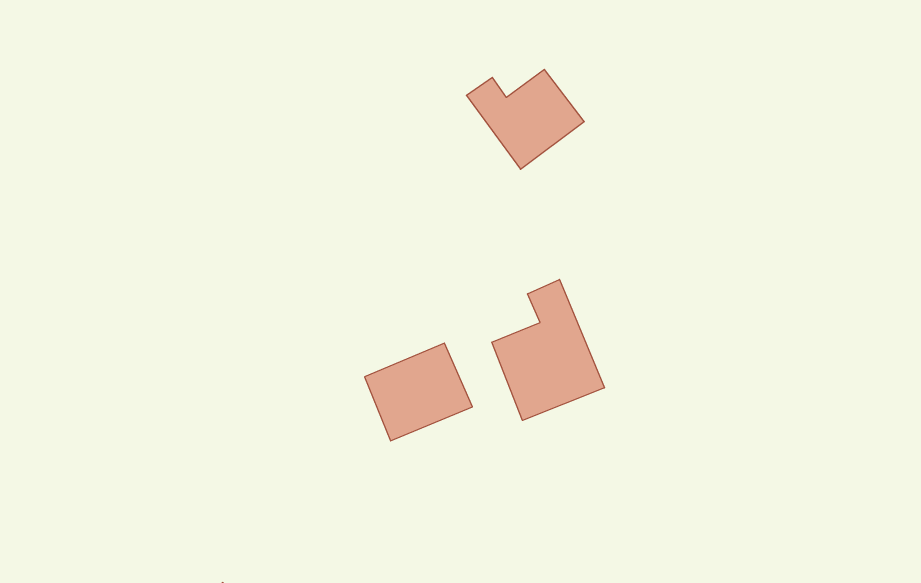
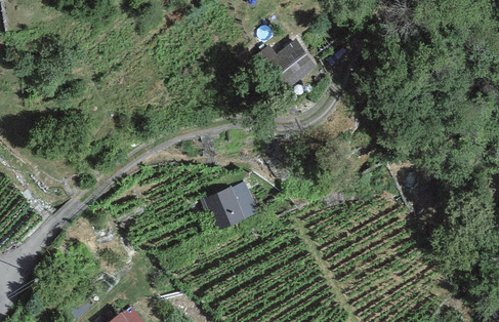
building: [492,279,604,420] -> none

